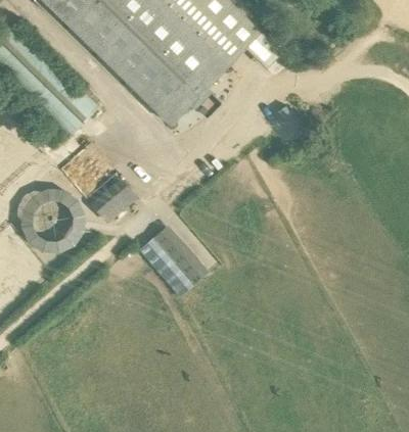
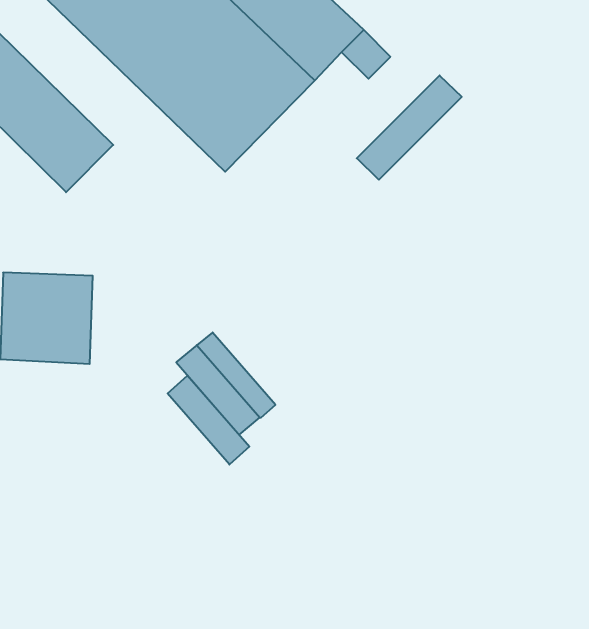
building: none -> [357,75,462,180]
building: [90,180,134,222] -> none
building: none -> [168,375,249,465]

